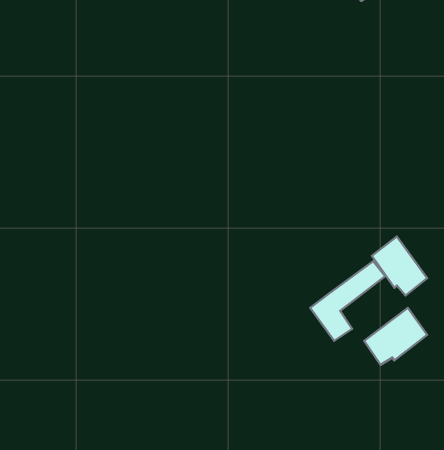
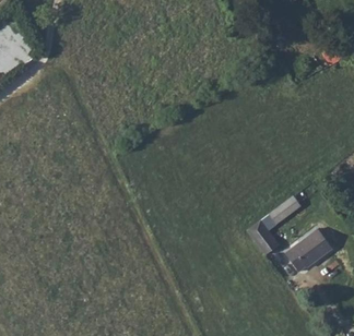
building: [372,237,427,296] -> none

